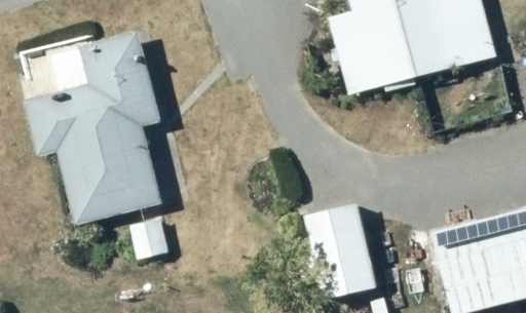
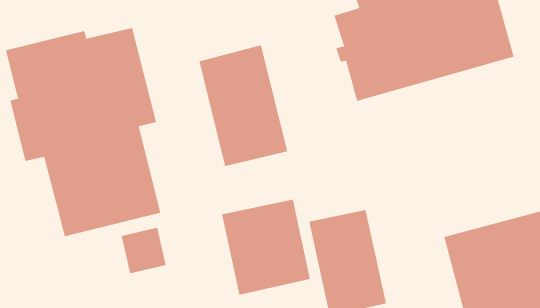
building: none -> [199,45,288,167]
building: none -> [221,199,310,295]

